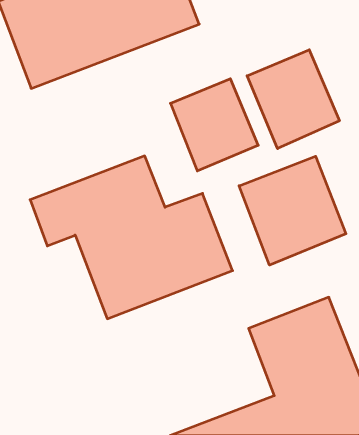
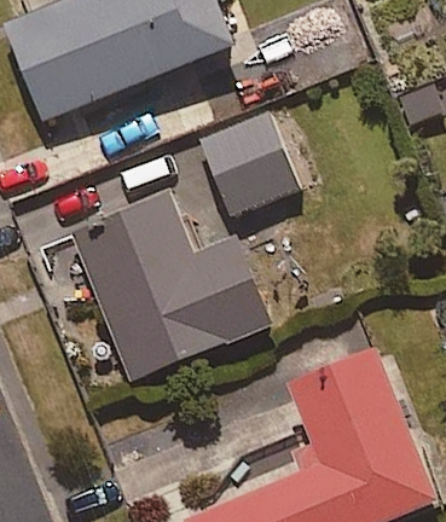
building: [247,50,339,149] -> none
building: [239,156,346,265] -> none

